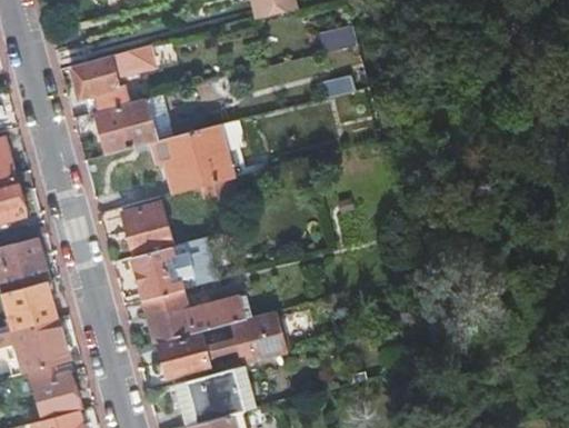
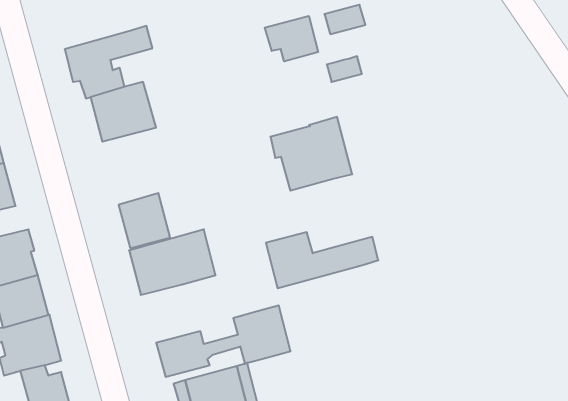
building: none -> [265,16,318,61]
building: [154,125,232,195] -> [270,117,352,191]
building: [143,290,250,344] -> [266,232,378,288]

